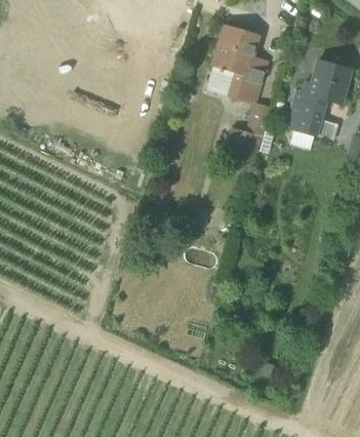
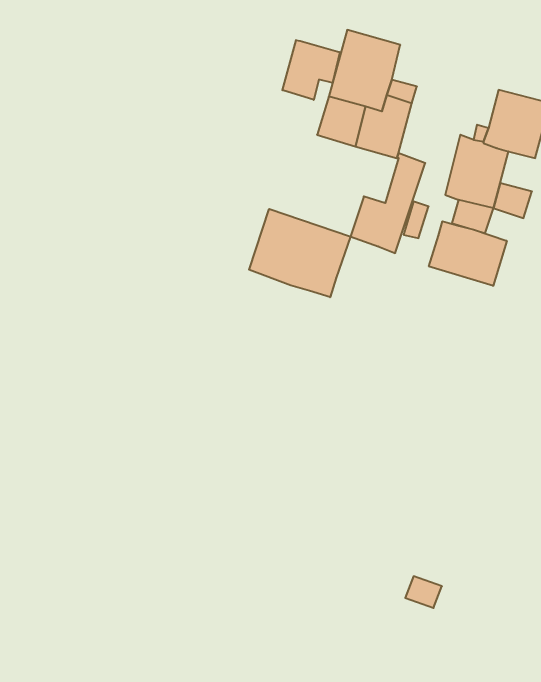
building: none -> [282,40,340,100]
building: none -> [249,209,350,297]
building: none -> [429,221,507,286]

